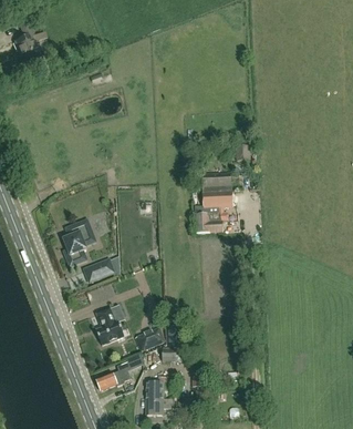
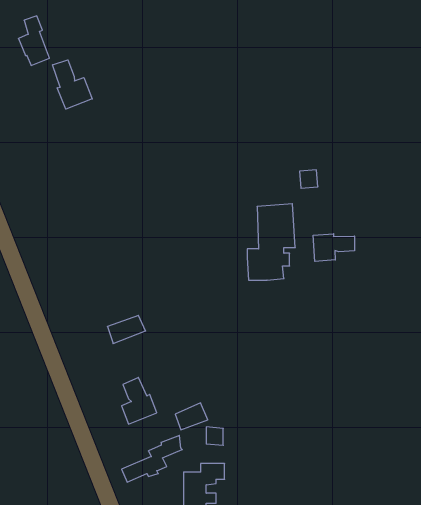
building: none -> [53,60,92,109]
building: none -> [313,234,354,261]
building: [64,219,96,266] -> none

